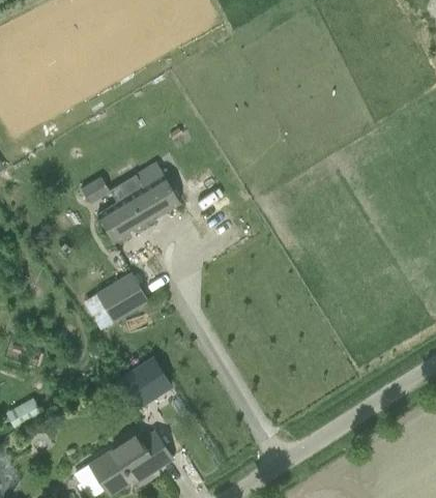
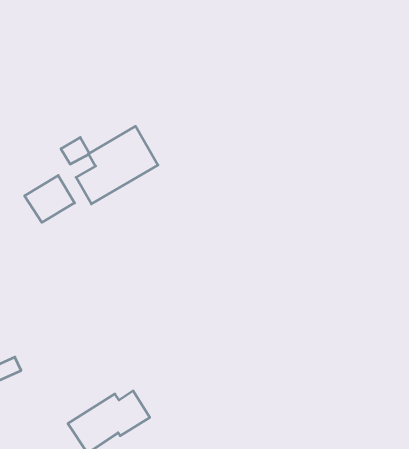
building: [96,274,147,322] -> [25,175,75,222]
building: [112,357,171,413] -> none

